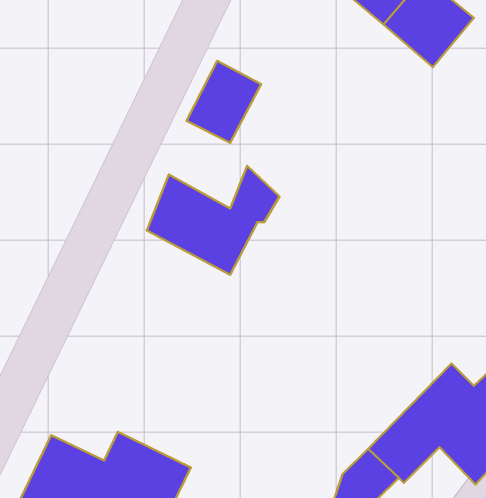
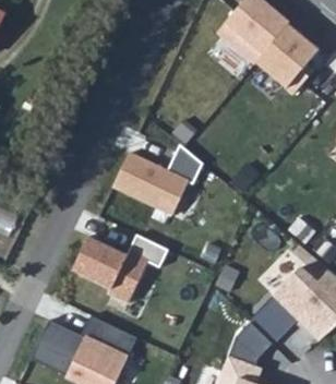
building: [186,61,261,143] -> none
building: none -> [74,236,168,301]

